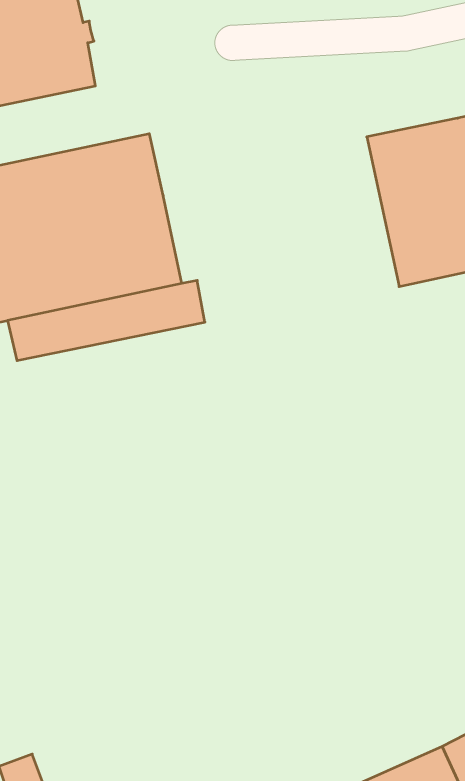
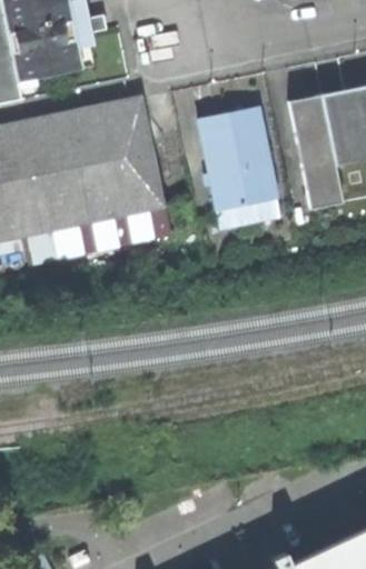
building: none -> [199,107,281,226]

